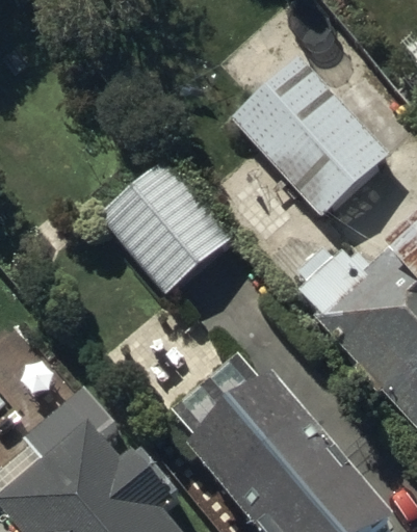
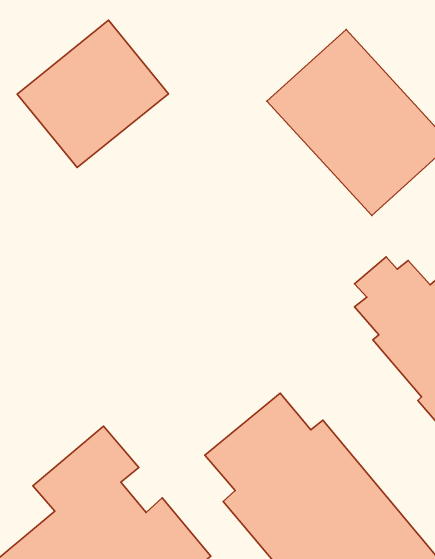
building: none -> [17,20,168,168]
building: [99,157,231,291] -> none

